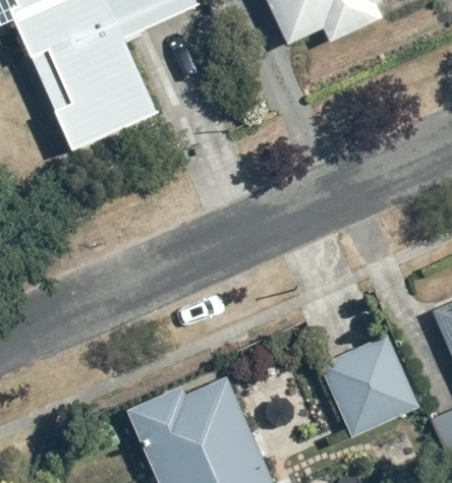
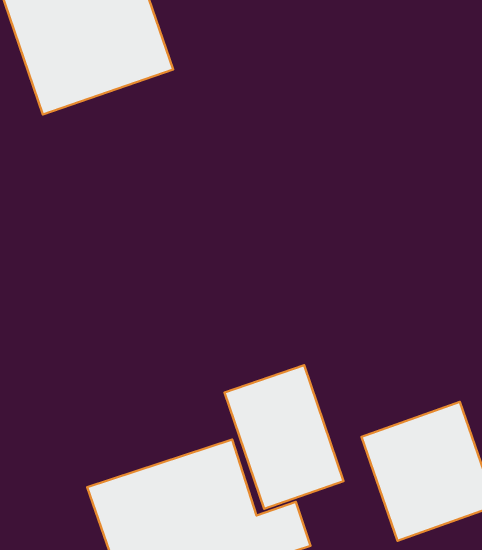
building: none -> [225,365,344,509]

